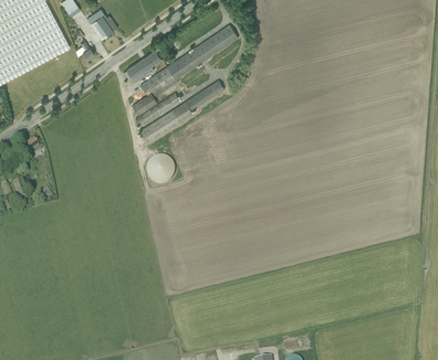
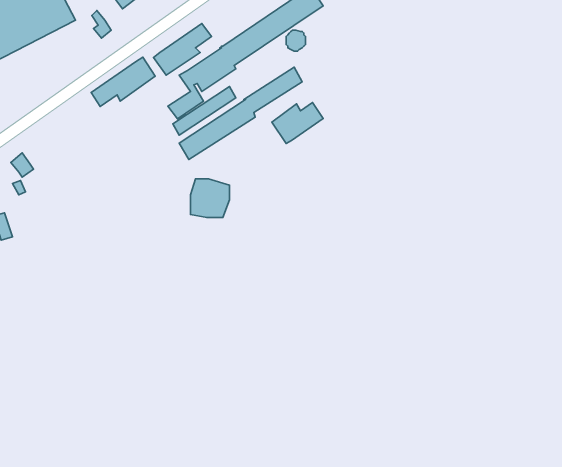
building: none -> [91,57,155,106]
building: none -> [272,103,323,144]

